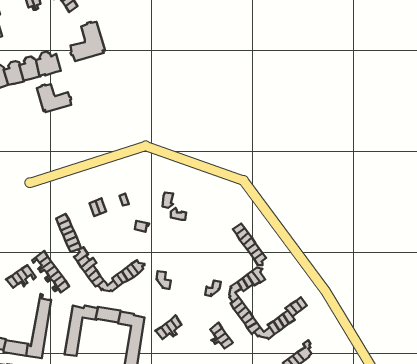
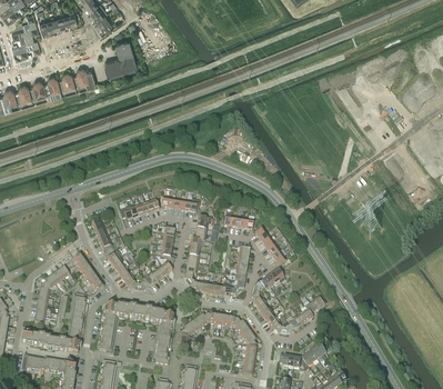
building: [37,84,71,112] -> none

